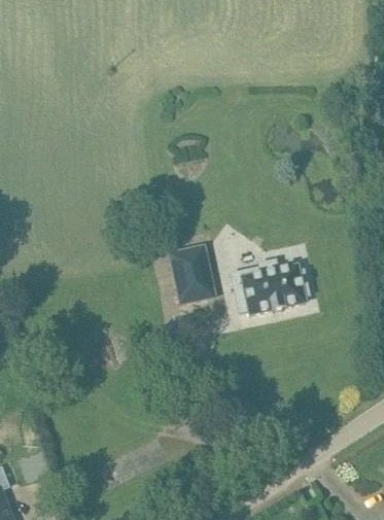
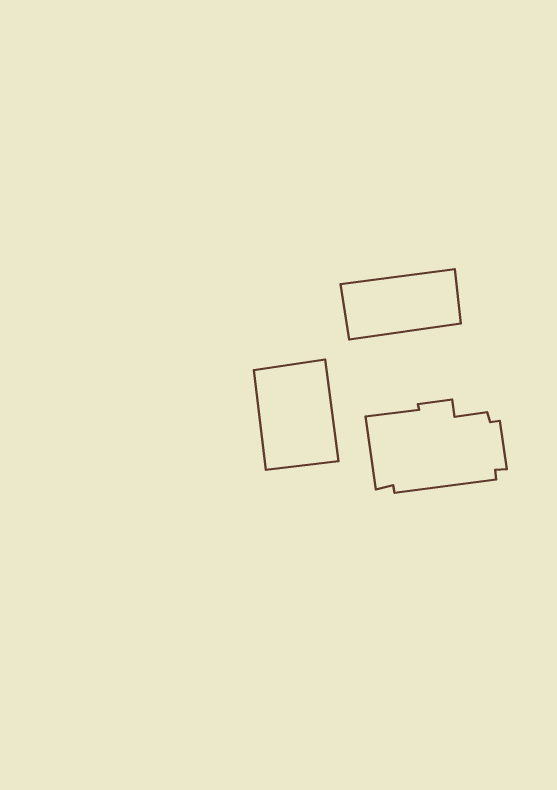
building: none -> [341,269,461,339]

